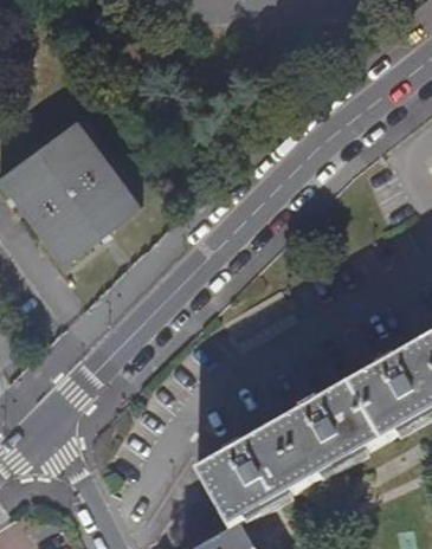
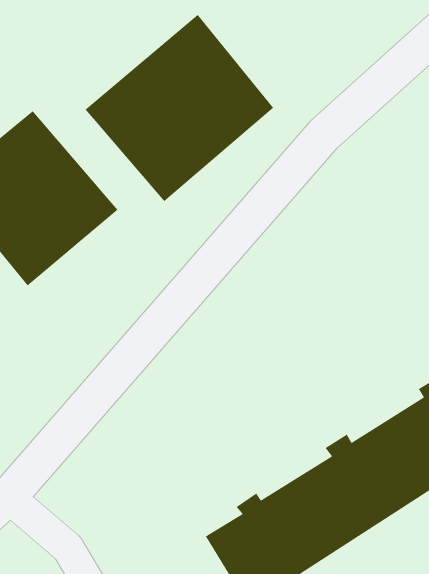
building: none -> [84,14,274,202]

